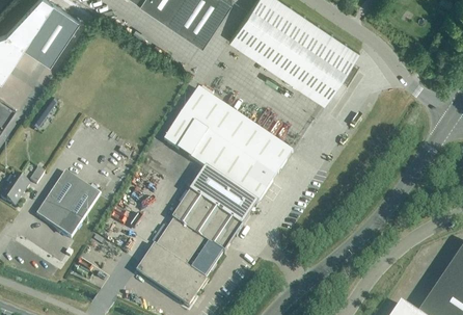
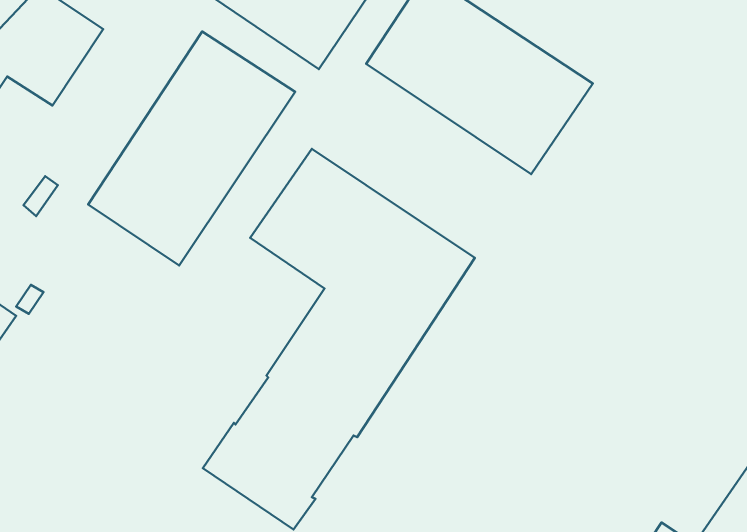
building: none -> [88,32,295,266]
building: [35,173,99,238] -> none

